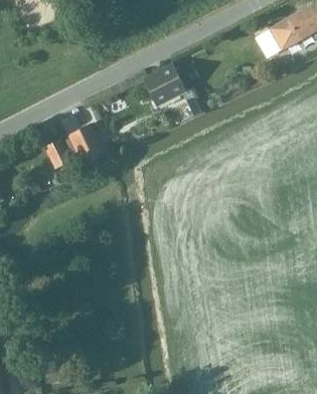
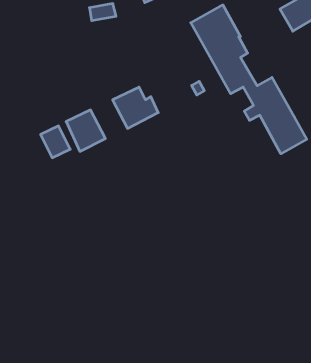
building: none -> [191,5,307,154]
building: [141,66,184,106] -> [113,87,158,128]

